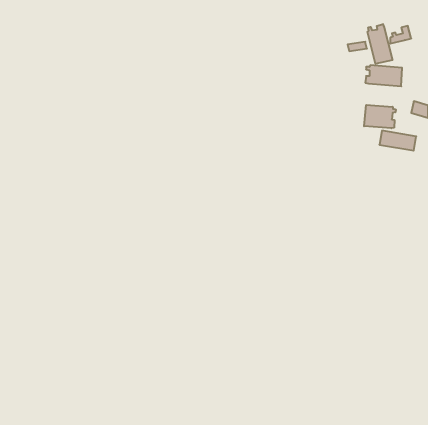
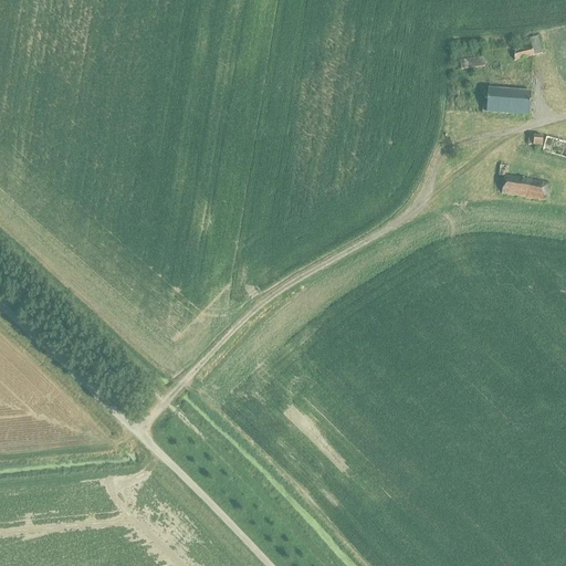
building: [367,24,392,64] -> none
building: [364,105,396,128] -> none

